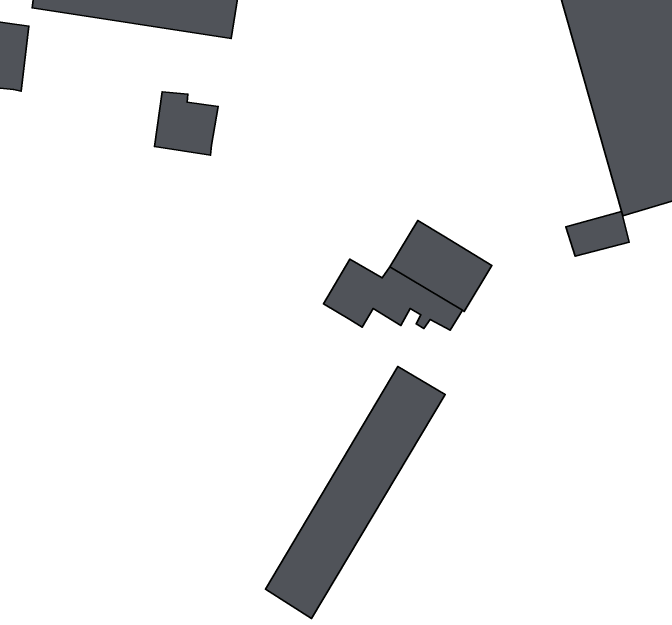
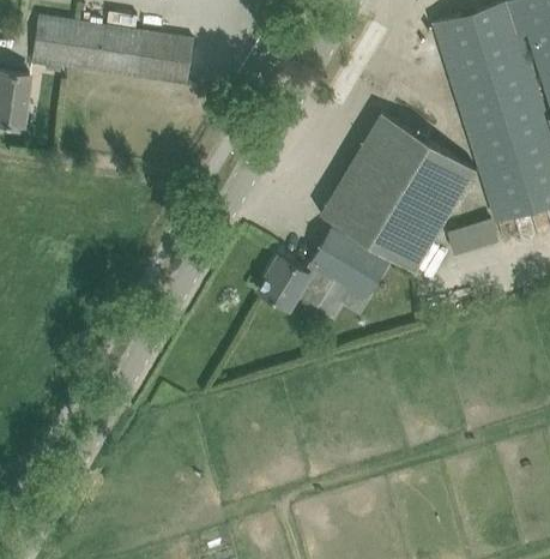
building: none -> [320,113,476,272]
building: [155,92,218,155] -> none
building: [265,367,445,619] -> none

